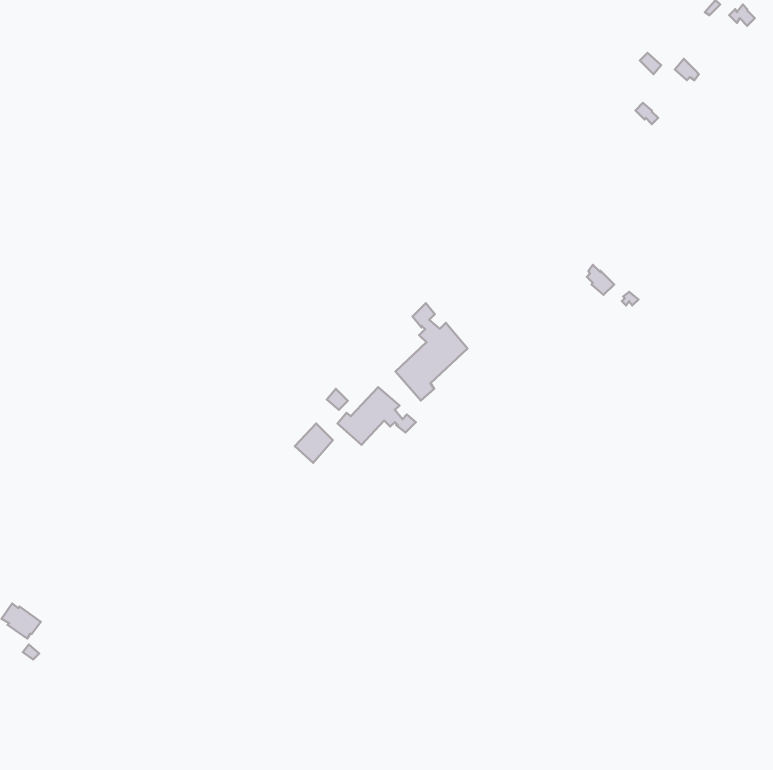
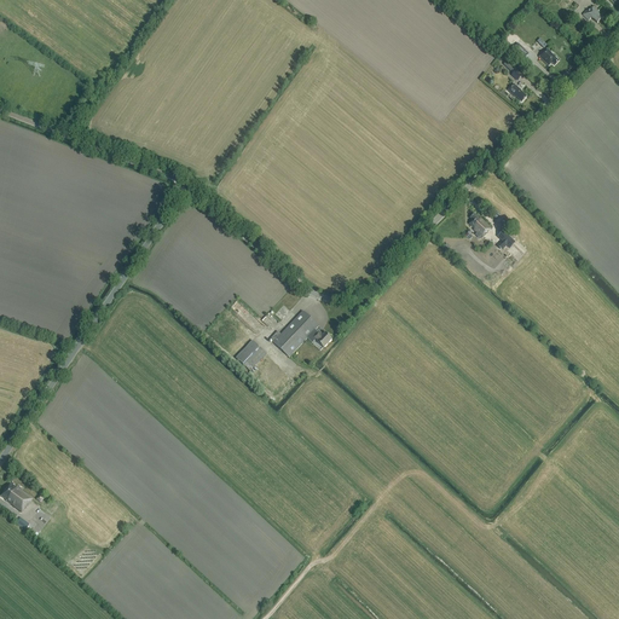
building: [396,303,467,400] -> none

